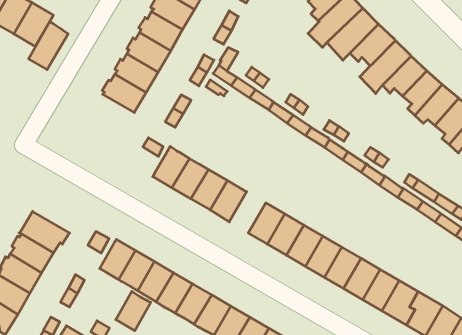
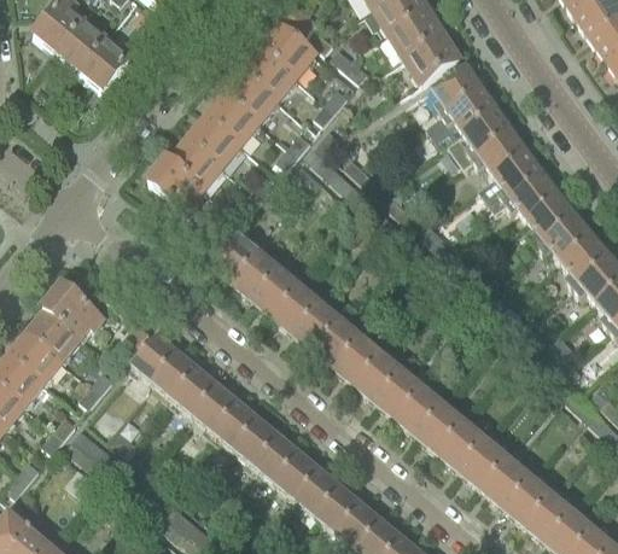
building: [29,22,68,70] -> none
building: none -> [150,158,205,214]
building: none -> [297,303,344,352]
building: [116,291,151,331] -> none

